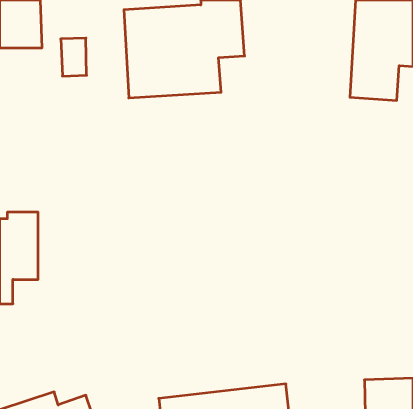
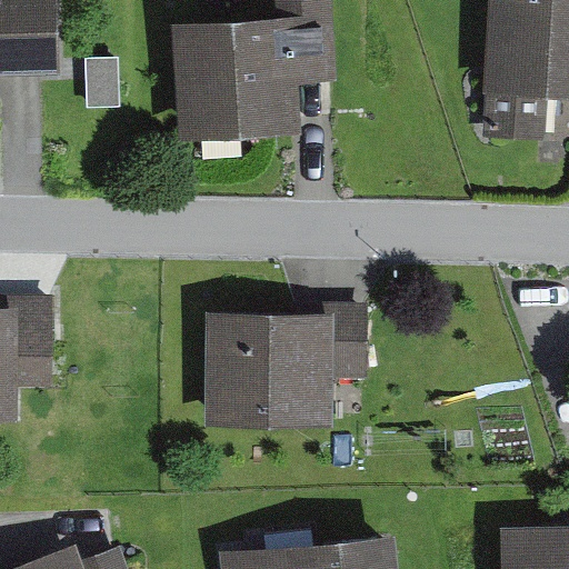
building: none -> [206,305,367,426]

